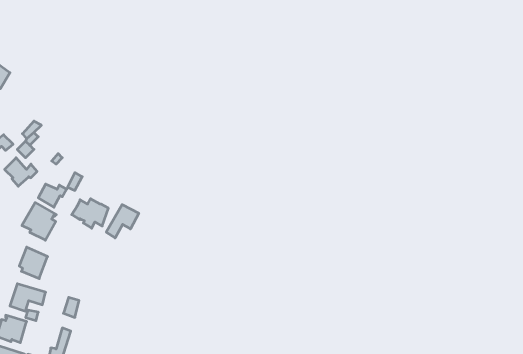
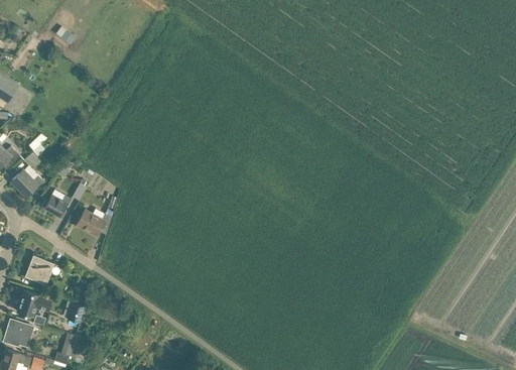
building: [22,203,56,240] -> none
building: [106,205,139,238] -> none

